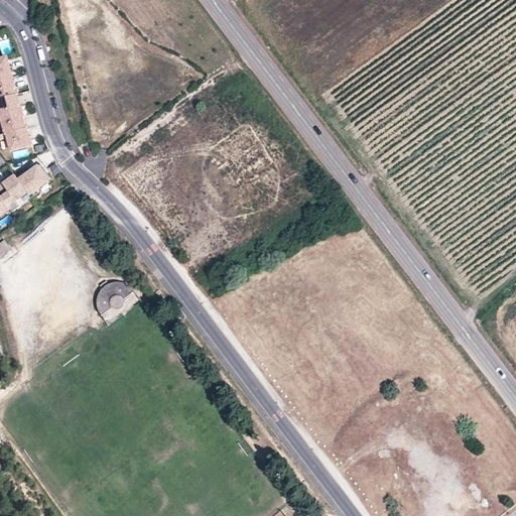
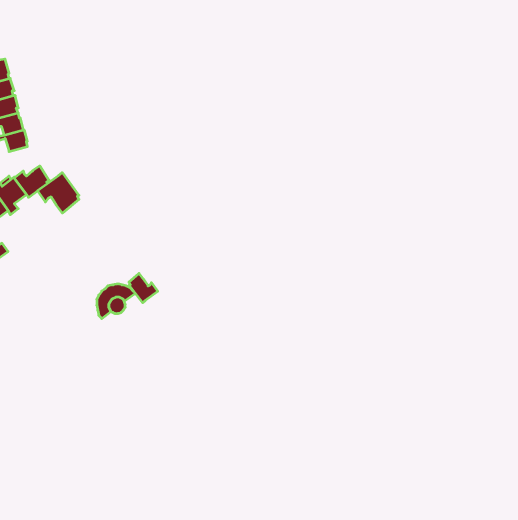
building: none -> [38,173,79,213]
building: none -> [129,273,158,303]

